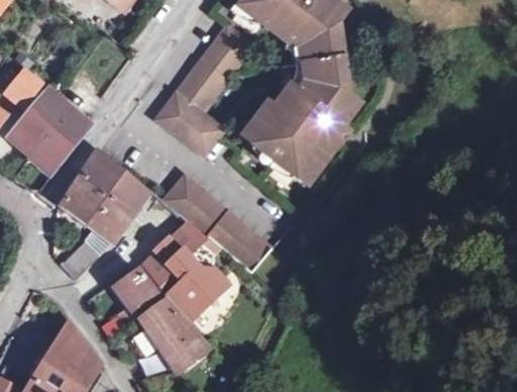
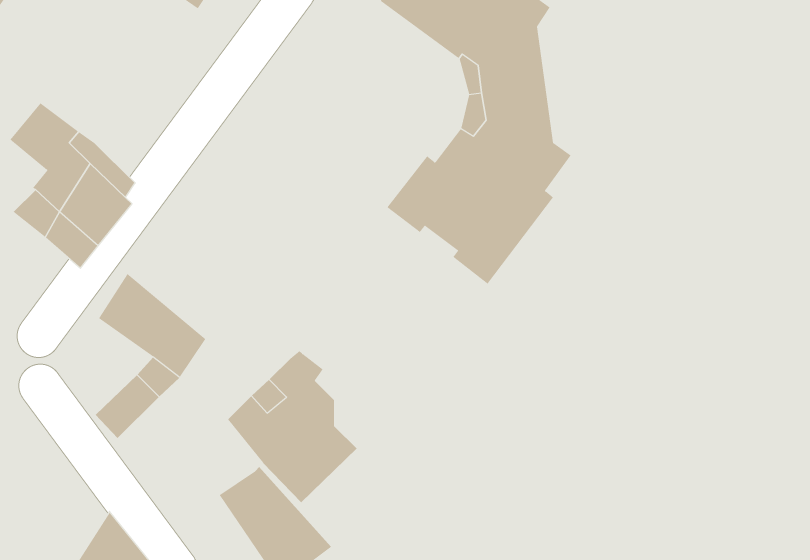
building: [156,26,250,155] -> none
building: [80,150,146,217] -> none
building: [163,176,270,272] -> none
building: [115,269,160,320] -> none

